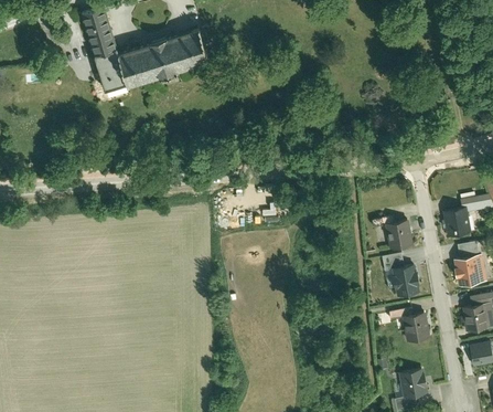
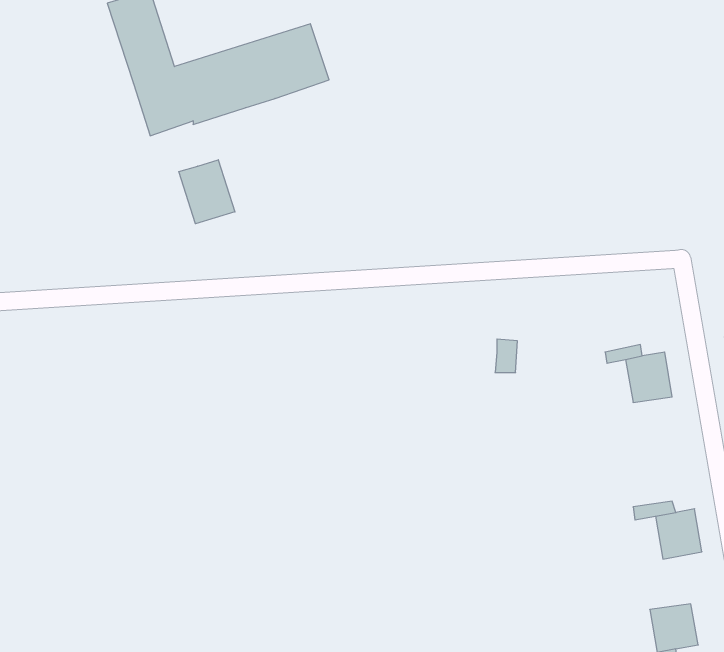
building: none -> [179,160,235,224]
building: [395,265,420,295] -> none

